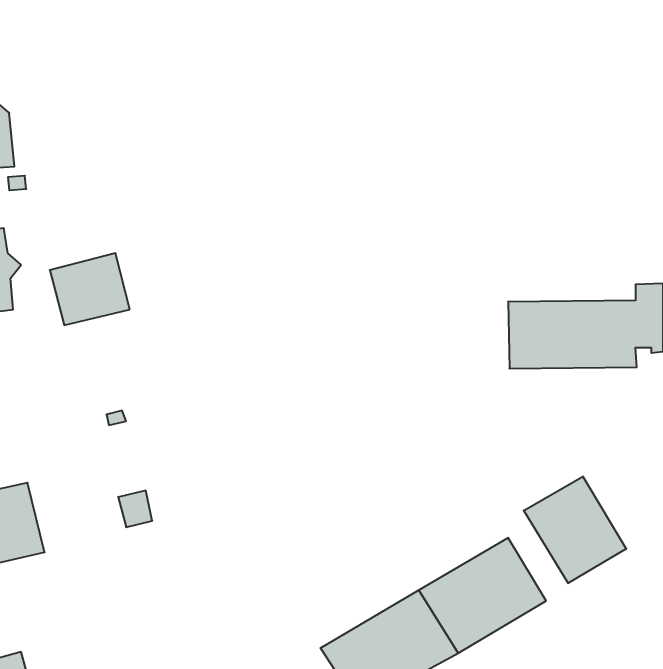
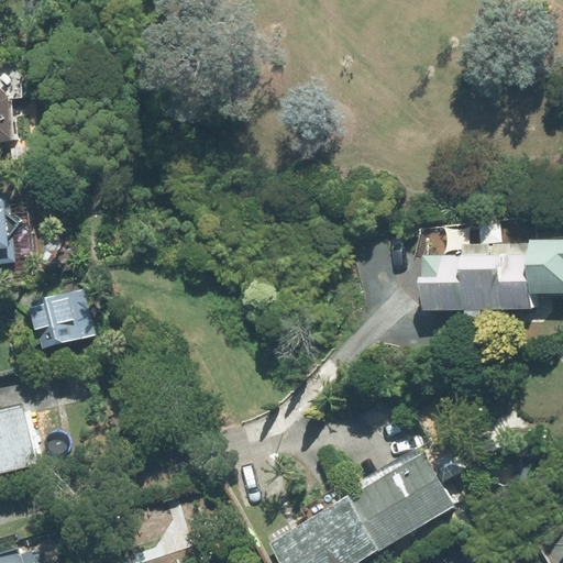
building: [50,253,130,325] -> [26,287,93,347]
building: [524,476,626,583] -> none

